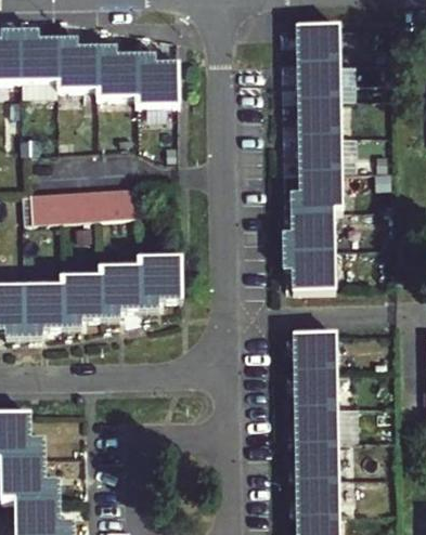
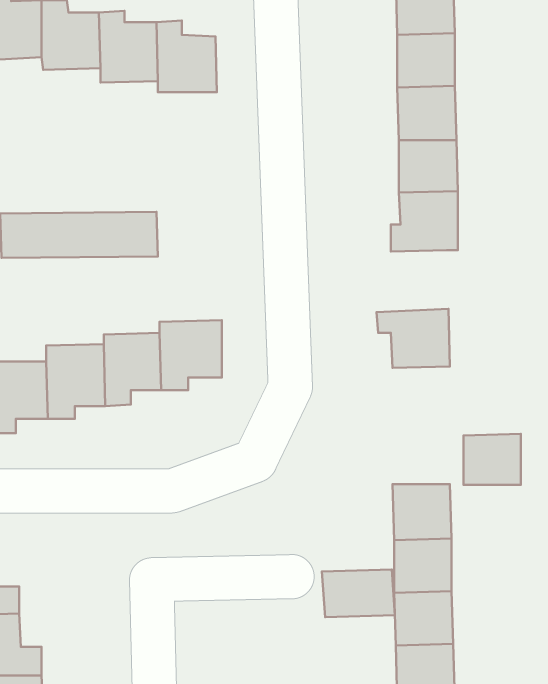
building: [284,210,333,252] -> none
building: [295,335,334,369] -> [463,434,521,485]
building: none -> [322,570,395,617]

